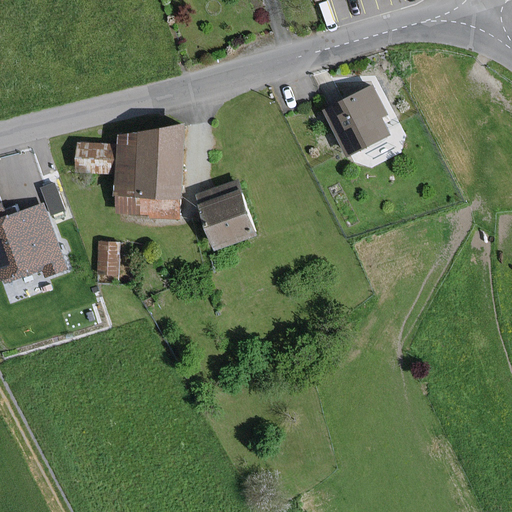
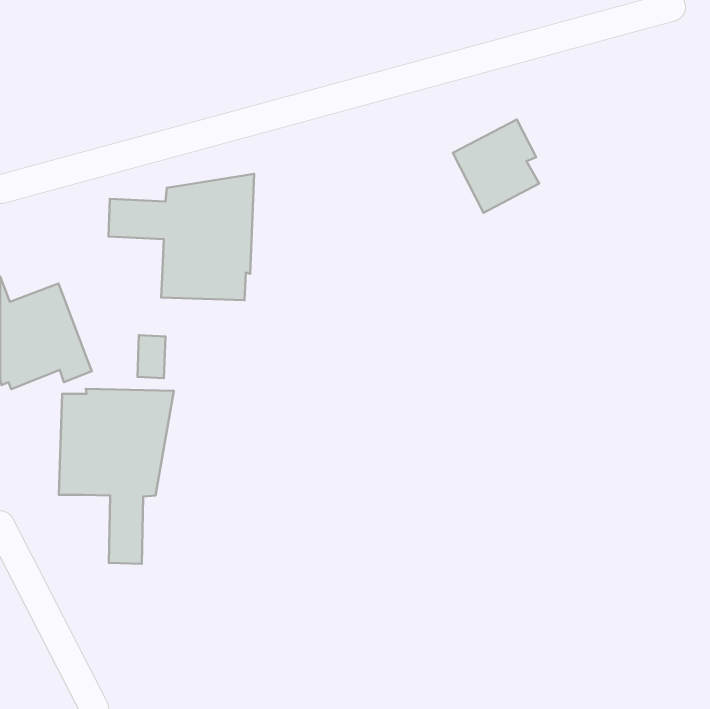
building: [198,181,254,245] -> none
building: none -> [59,389,174,564]

